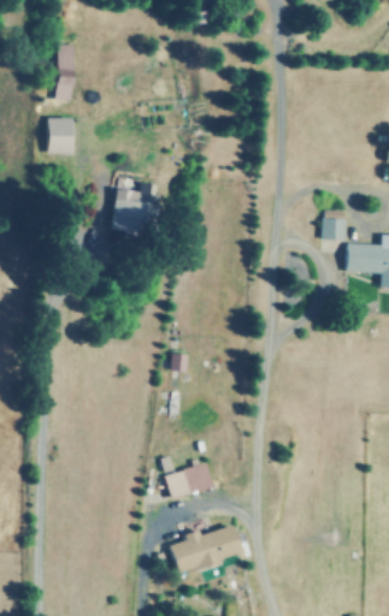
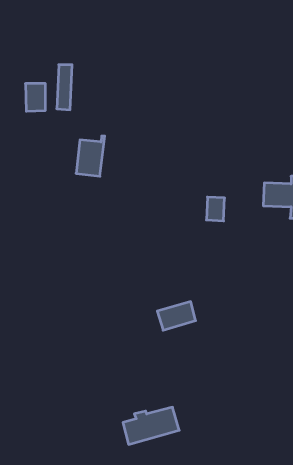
building: [55,45,75,101] -> [57,65,72,110]
building: [323,209,346,239] -> [206,197,225,221]
building: [165,463,213,499] -> [157,302,196,330]

